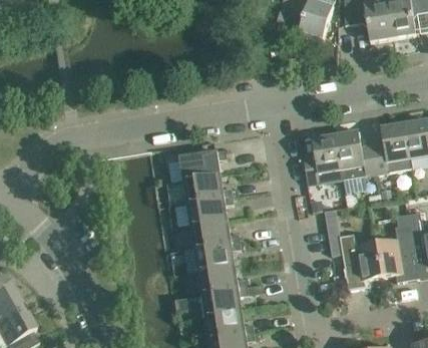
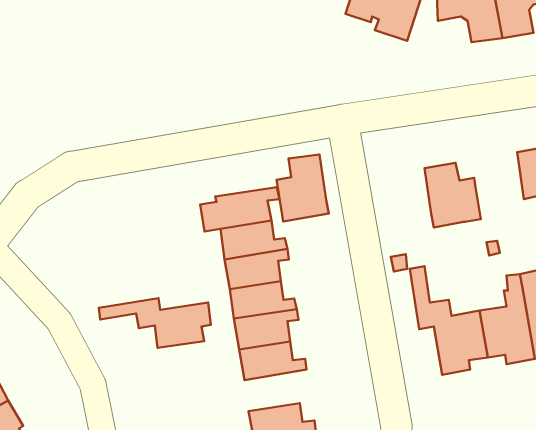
building: [372,123,411,173] -> none
building: [303,135,342,186] -> [276,154,329,221]
building: none -> [99,298,211,348]
building: [200,286,248,317] -> none

